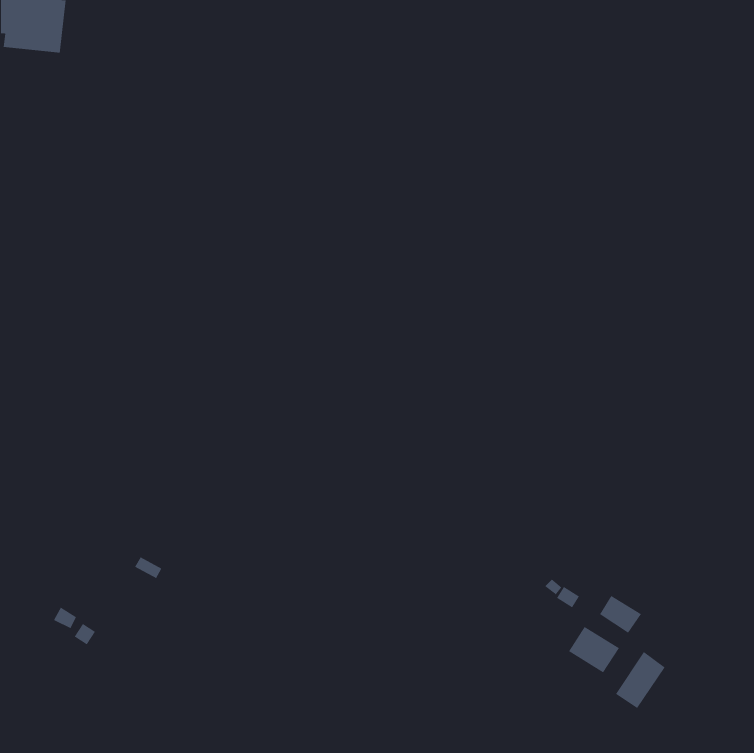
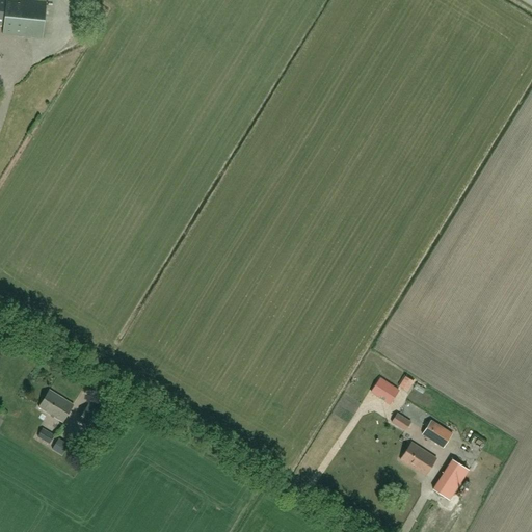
building: none -> [370,377,398,404]
building: none -> [38,389,74,421]
building: none -> [78,401,104,429]

